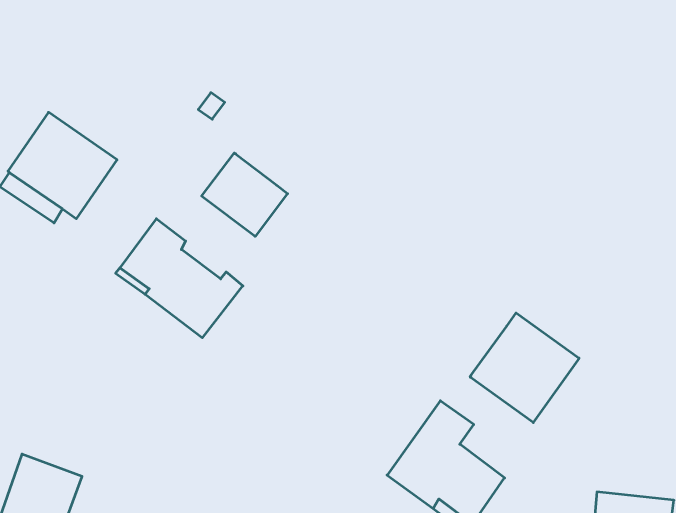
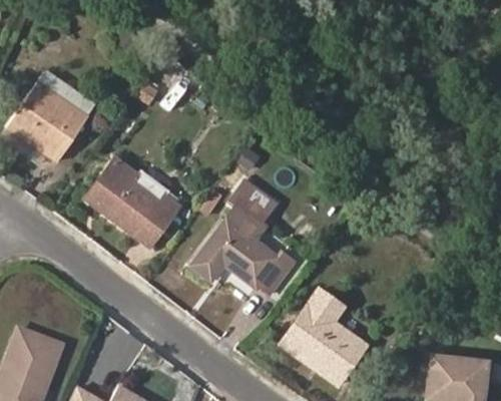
building: [202,153,288,236] -> none
building: none -> [193,178,296,293]
building: [470,313,579,423] -> none

